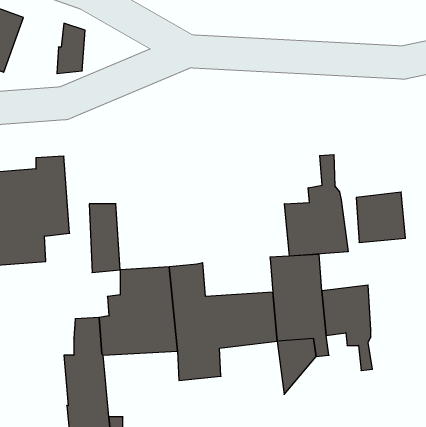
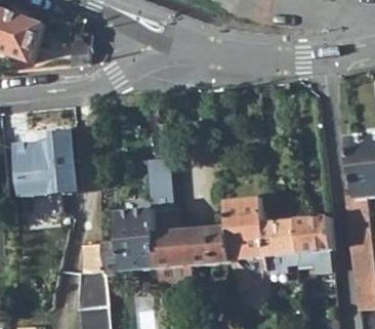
building: [285,155,348,256] -> none
building: [356,192,405,242] -> [297,215,333,252]
building: [89,204,120,273] -> [150,156,172,206]

